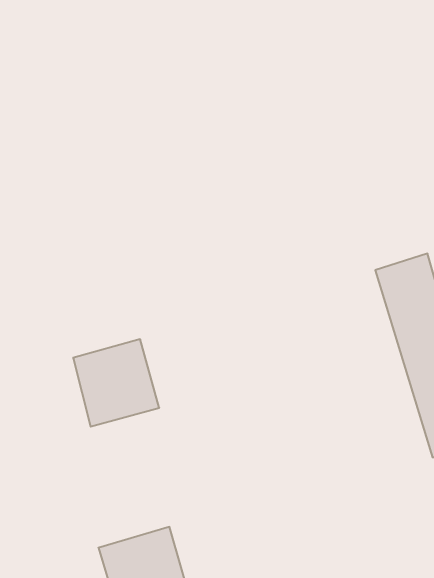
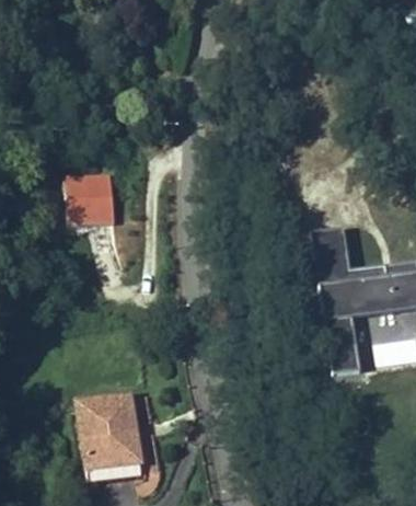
building: [73,339,159,427] -> [58,175,115,233]

